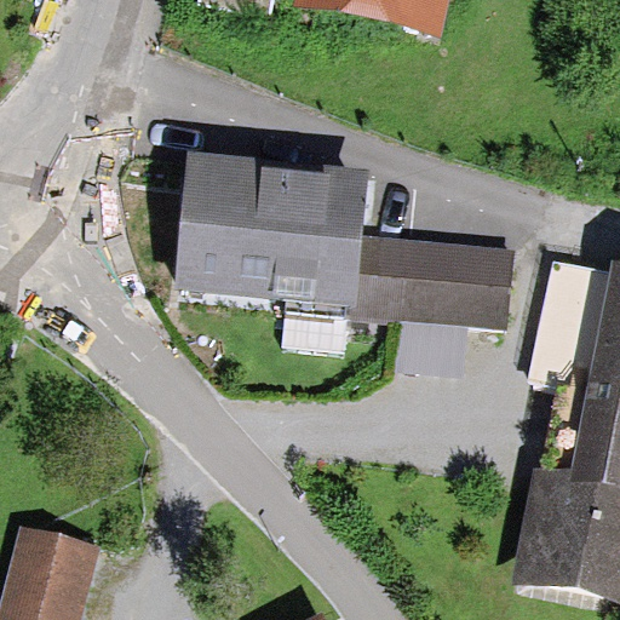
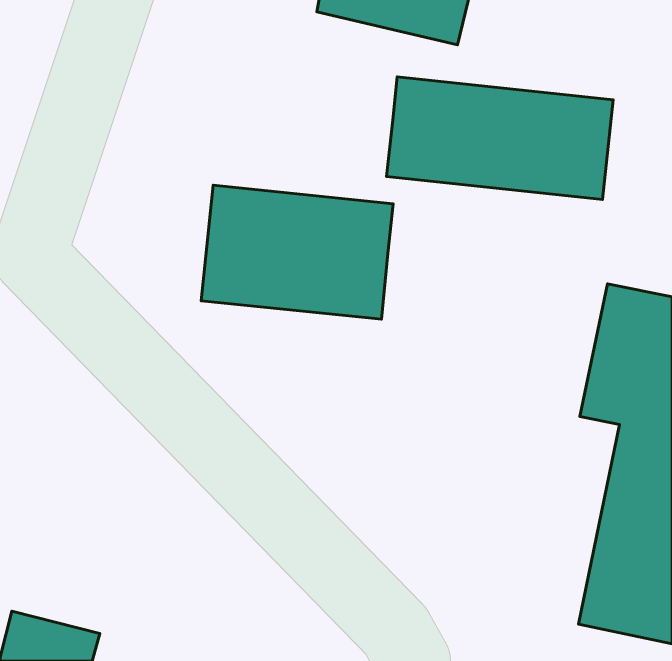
building: none -> [387,77,613,200]
building: [350,234,516,325] -> none

